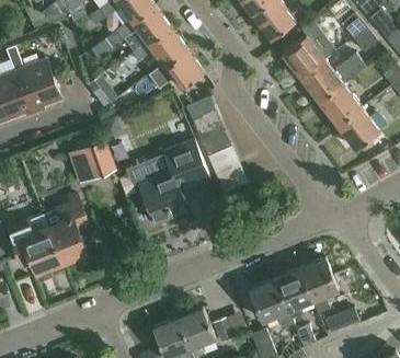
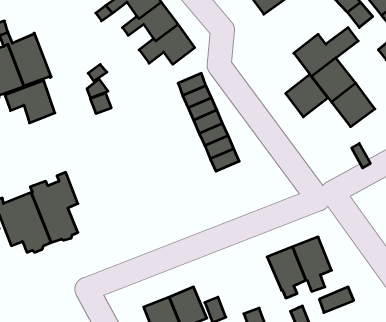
building: [283,36,324,78] -> [286,75,328,117]
building: [67,139,116,181] -> [5,81,55,123]
building: [139,140,210,224] -> none
building: [249,278,294,328] -> none

